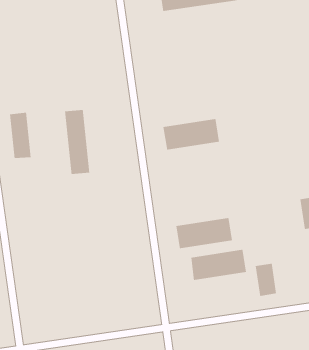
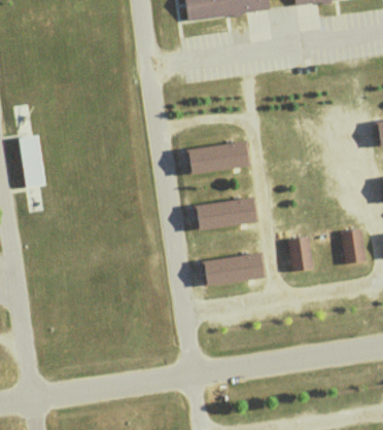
building: [65,109,90,175] -> none
building: [190,249,247,281] -> [195,196,257,231]
building: [255,263,277,296] -> [287,236,312,273]

